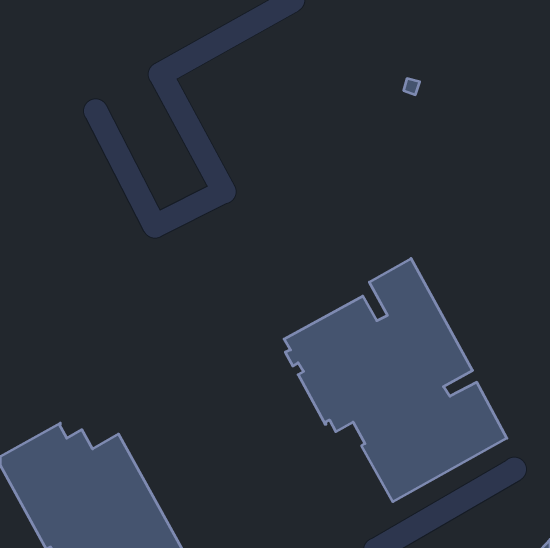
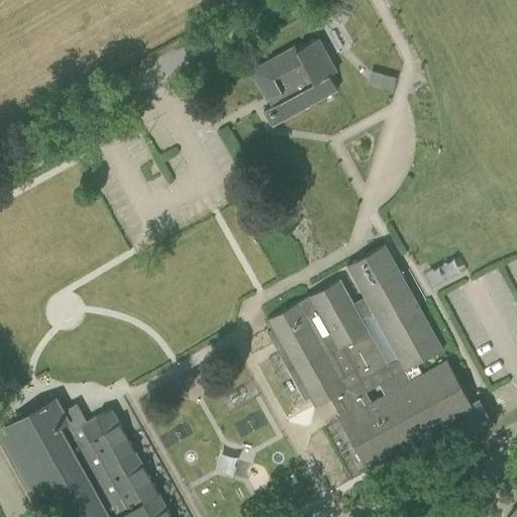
building: none -> [251,39,338,127]

